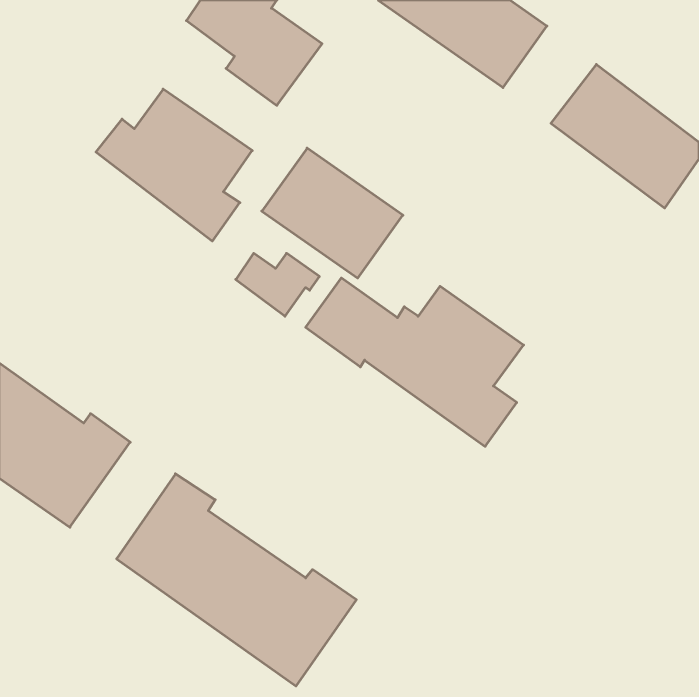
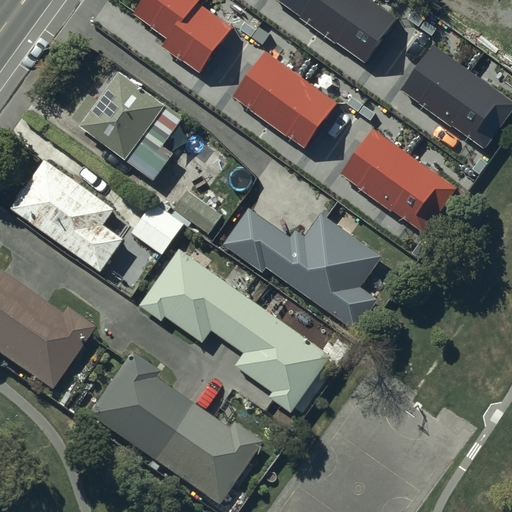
building: [262,148,403,278] -> [236,57,339,152]
building: none -> [342,134,458,238]
building: none -> [10,154,124,269]
building: none -> [131,200,184,253]
building: none -> [139,246,331,411]

